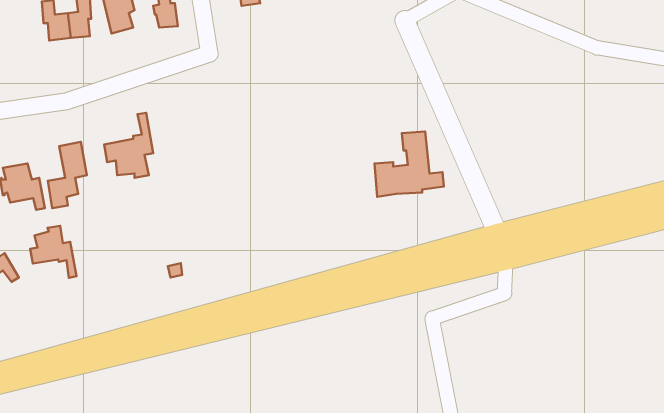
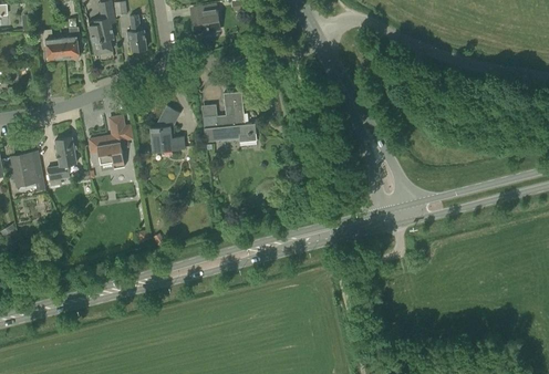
building: none -> [151,105,184,152]
building: [374,132,444,197] -> [203,92,256,142]
building: [30,226,76,278] -> none

